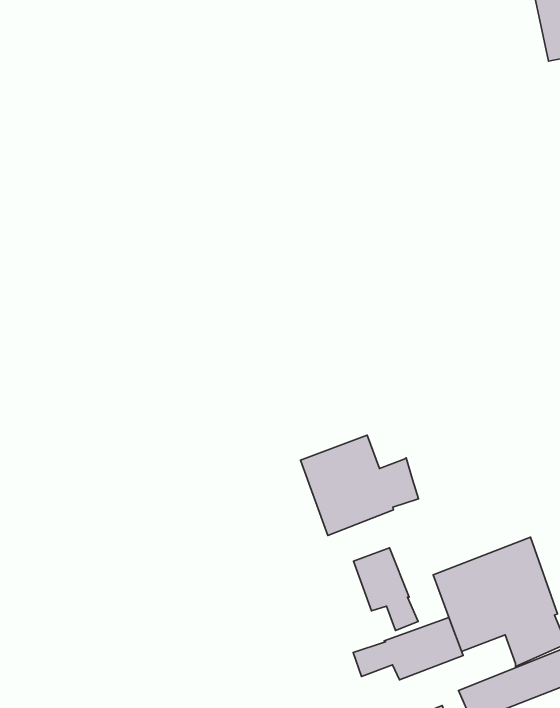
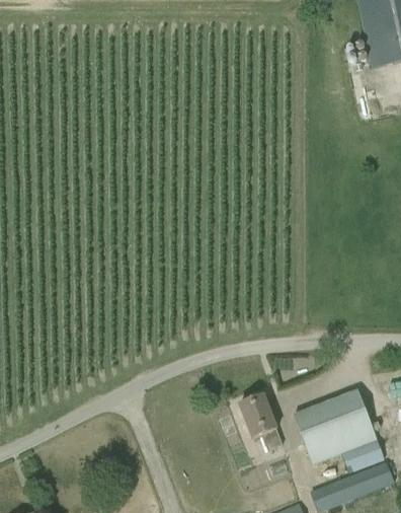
building: [301,435,418,536] -> none
building: [353,618,463,680] -> none

